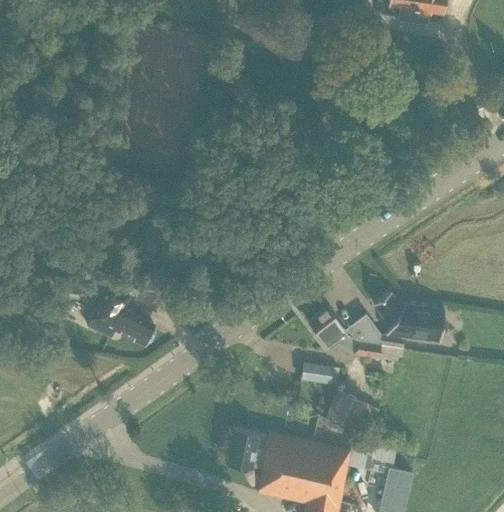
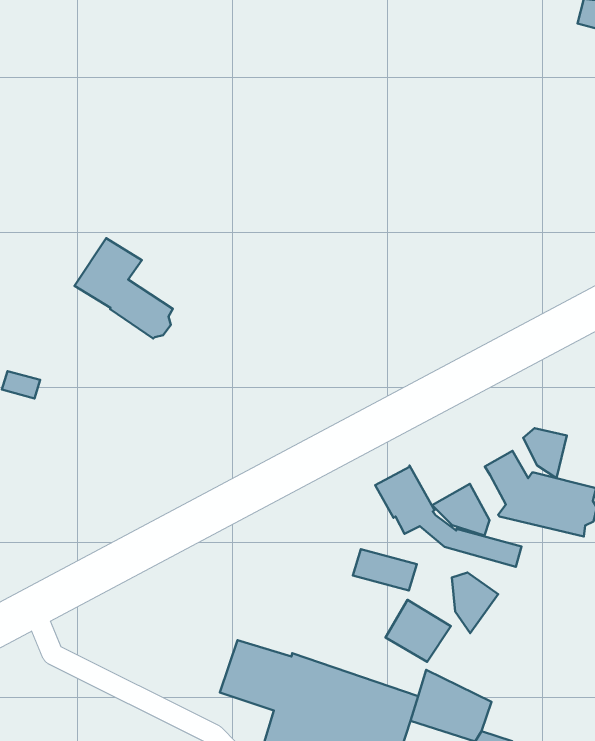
building: none -> [523,428,567,478]
building: [90,287,153,346] -> [75,238,173,339]
building: none -> [452,573,498,633]

